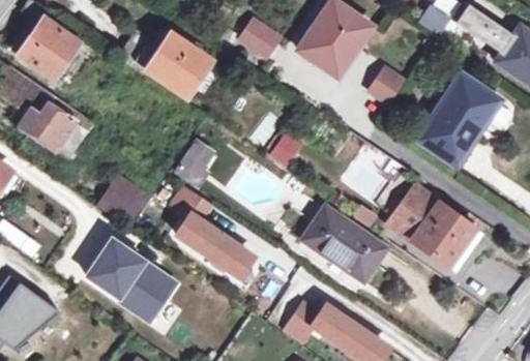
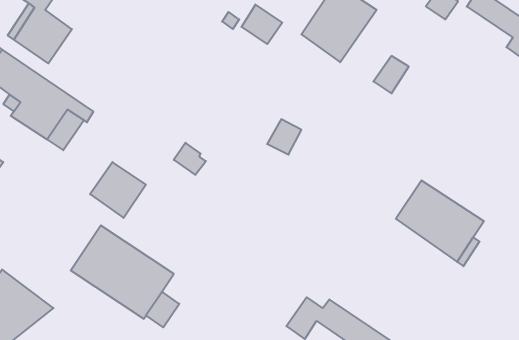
building: [119,29,208,93] -> none
building: [418,77,498,164] -> none
building: [173,184,252,274] -> none
building: [303,208,384,280] -> none

